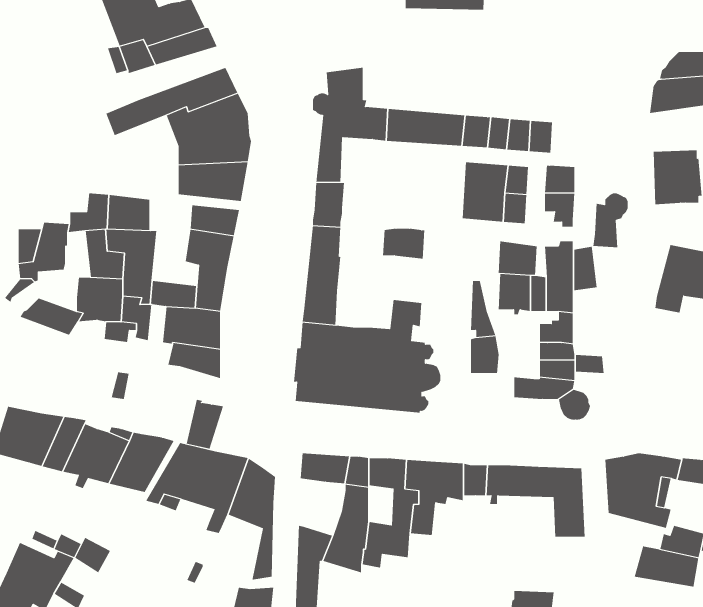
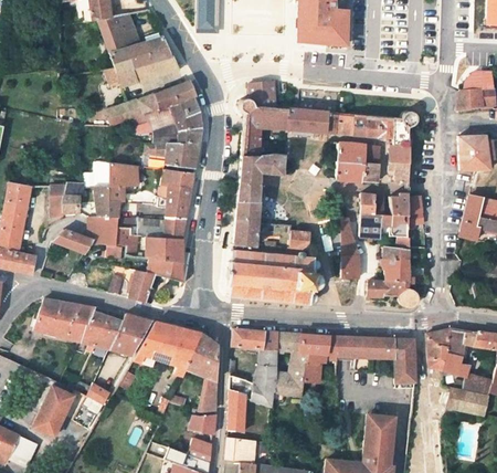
building: [592,193,629,248] -> [392,109,415,145]
building: [382,228,425,259] -> [260,154,287,174]
building: [186,399,224,449] -> [130,269,155,301]

